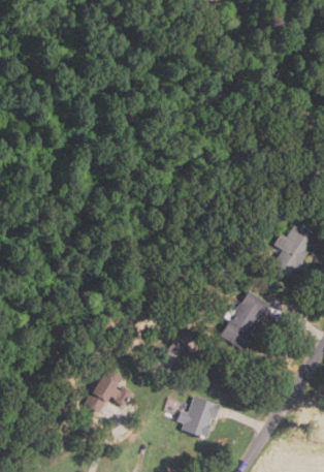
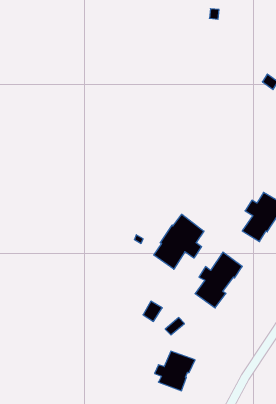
building: none -> [154,214,204,269]
building: [90,368,136,412] -> none

